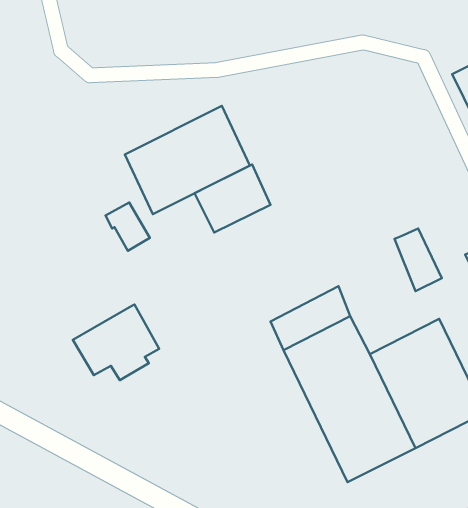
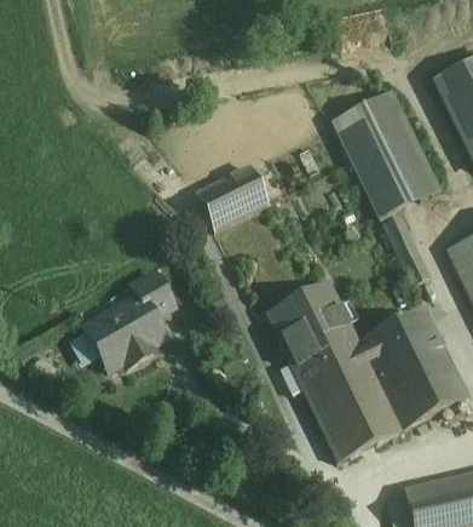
building: none -> [331,91,438,216]
building: [125,106,250,214] -> none
building: [105,202,150,251] -> [132,270,173,315]

